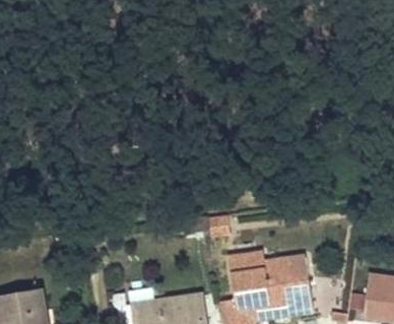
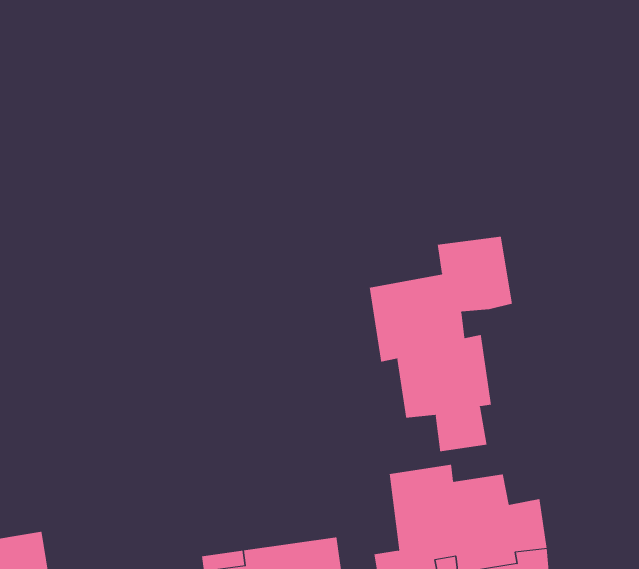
building: none -> [369,236,513,452]

